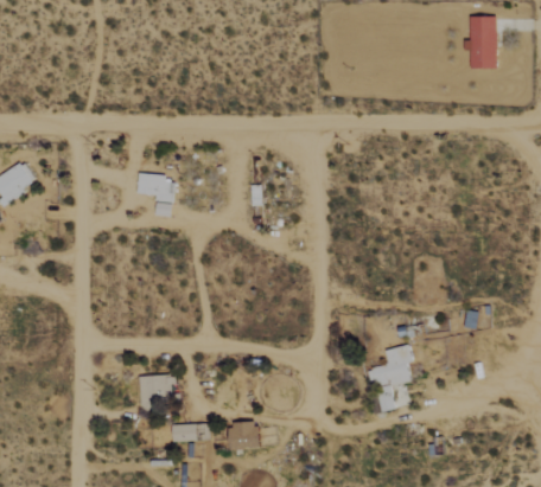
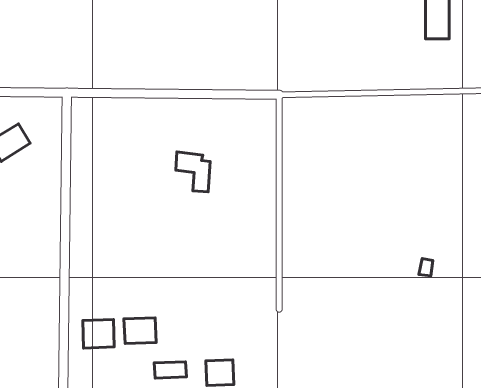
building: [136,172,174,216] -> [176,152,210,192]
building: [369,344,413,410] -> none
building: none -> [83,320,114,348]

